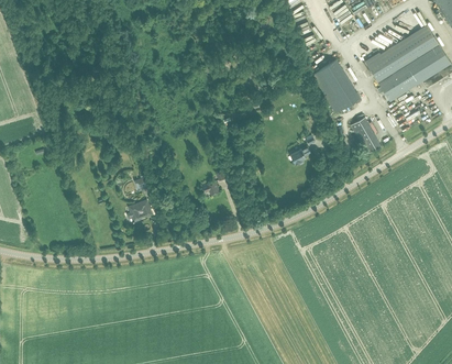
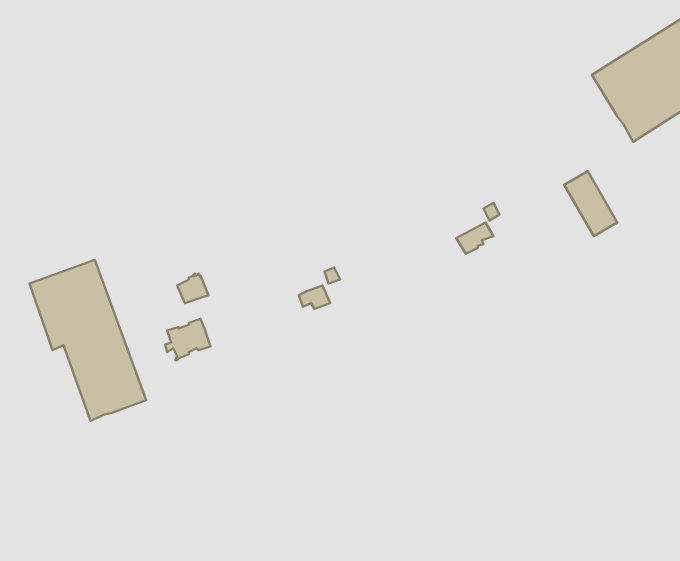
building: [312,58,360,112] -> none
building: none -> [29,260,146,421]

